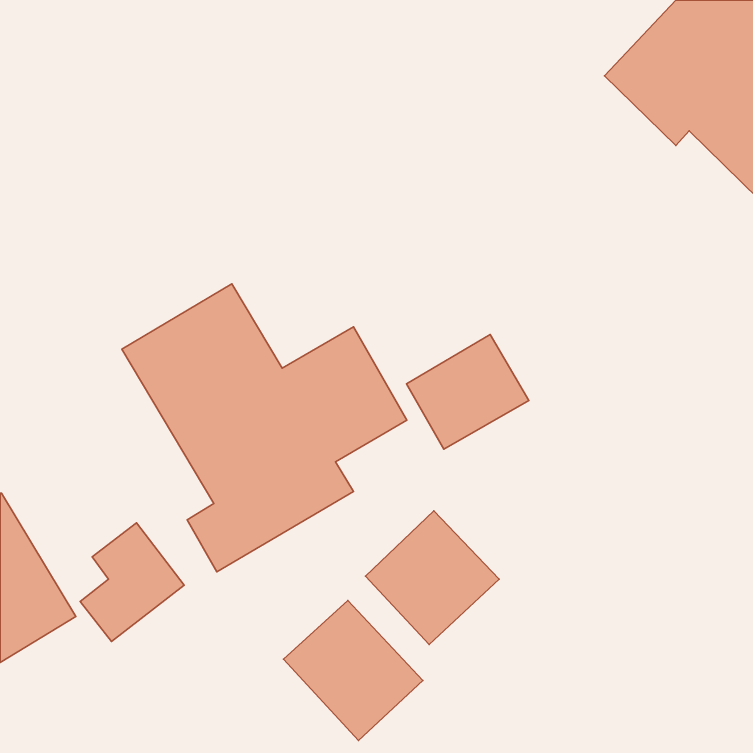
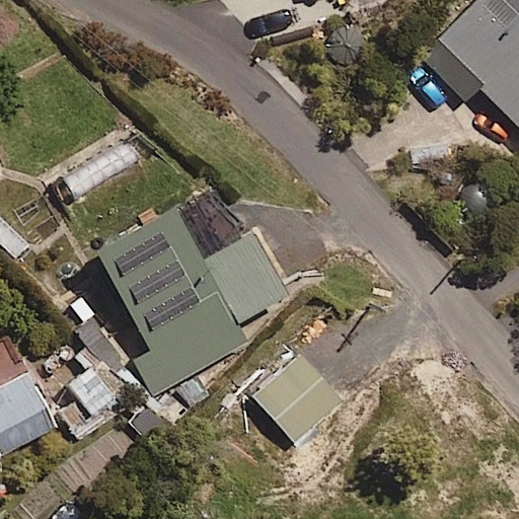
building: [407,335,529,449] -> none
building: [284,600,423,741] -> none

